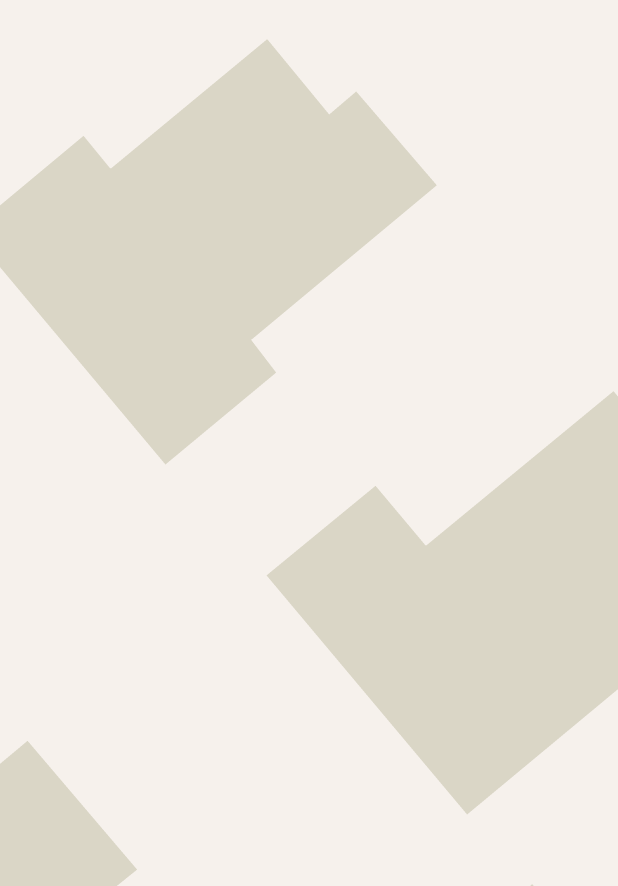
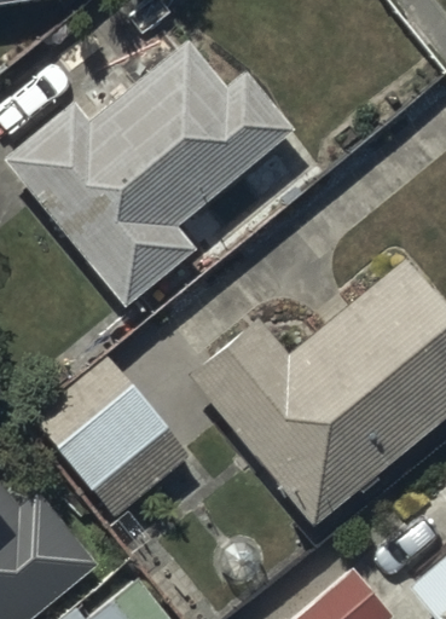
building: none -> [31,355,191,520]

